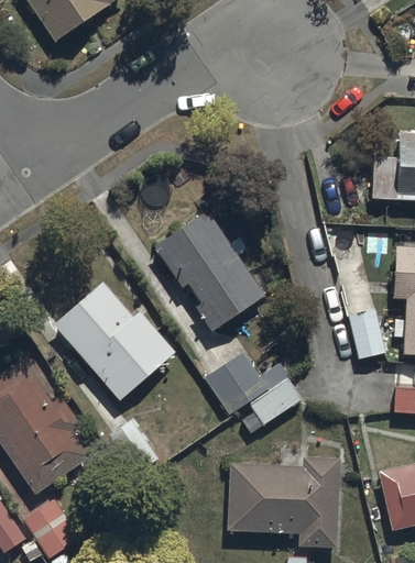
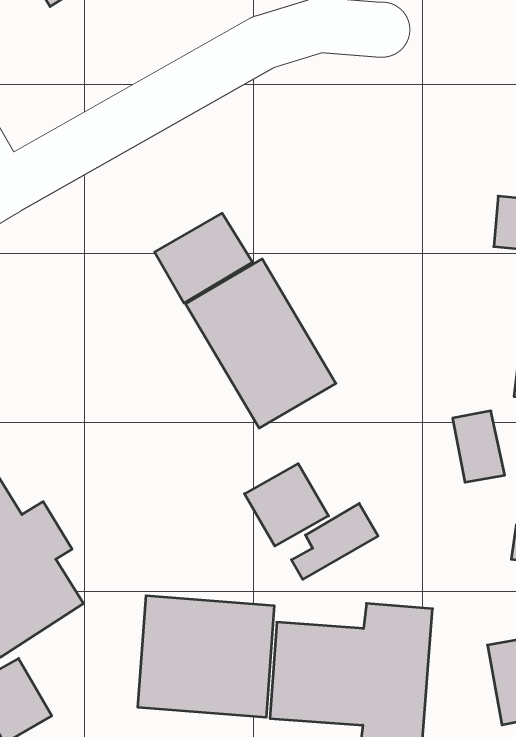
building: none -> [155,213,252,303]
building: [55,280,171,398] -> none
building: none -> [138,596,274,717]

